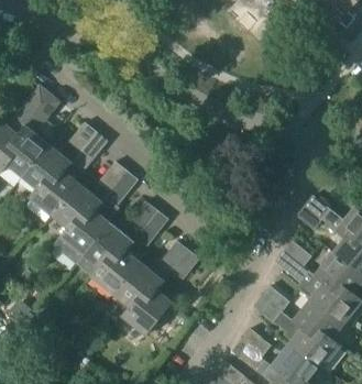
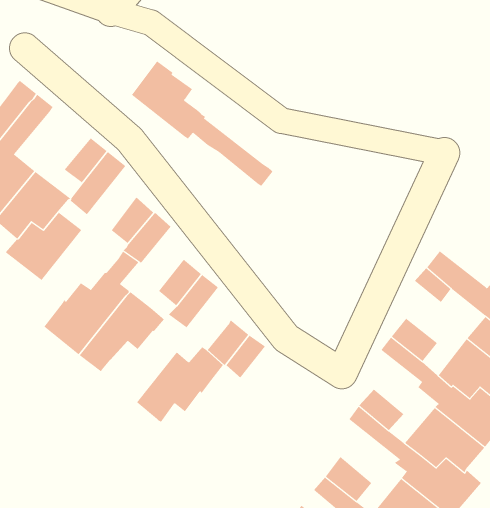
building: none -> [131,61,273,187]
building: [54,183,103,229] -> none
building: [91,249,142,295] -> none
building: [122,288,174,336] -> none

